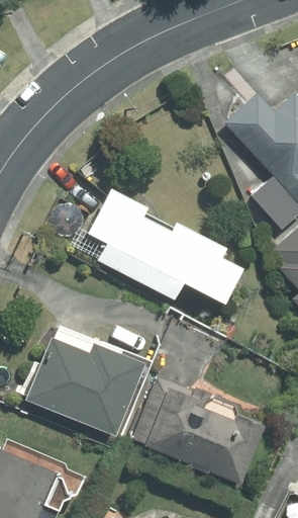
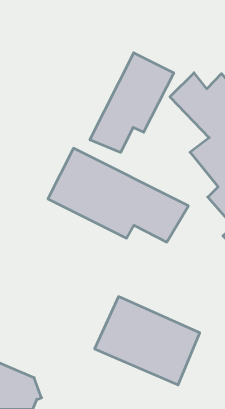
building: none -> [90,53,174,152]
building: [23,326,141,435] -> none

